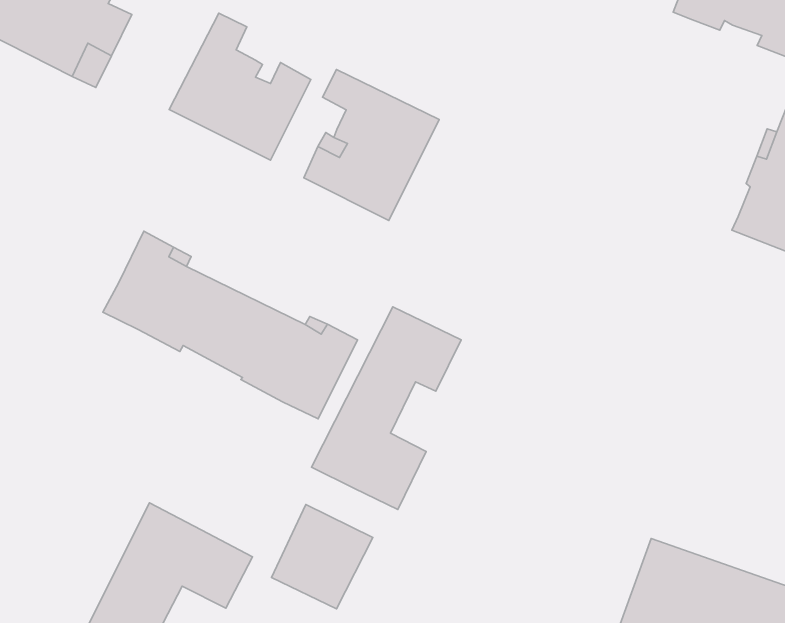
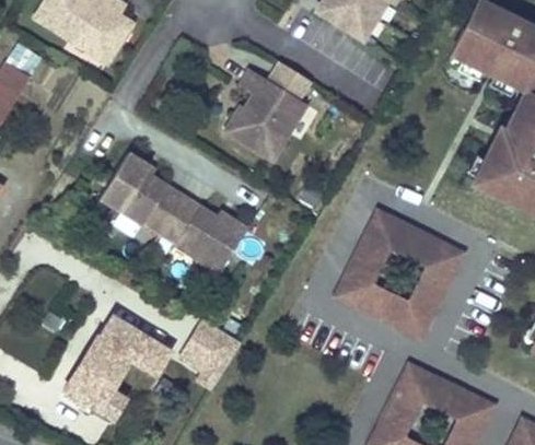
building: [169,13,311,160] -> none
building: none -> [333,206,467,340]
building: [311,307,461,510] -> none

